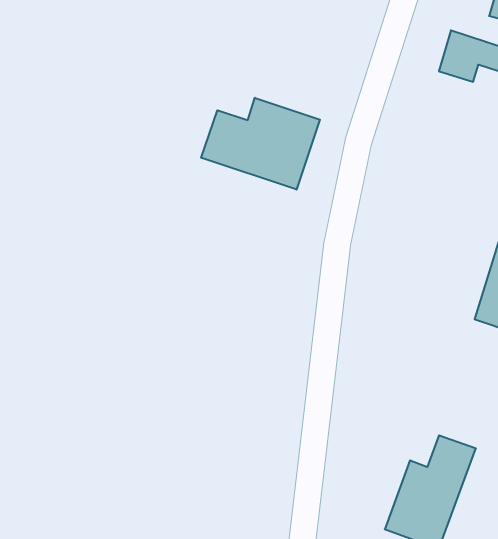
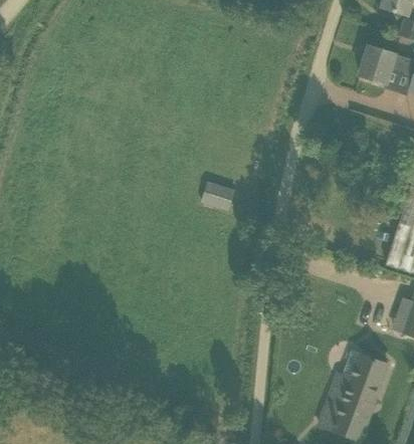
building: [201,98,320,190] -> none
building: none -> [201,181,235,210]

